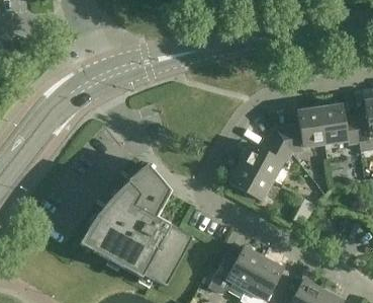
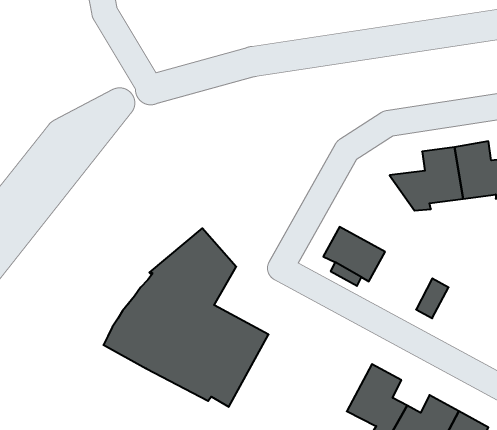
building: [241,127,292,179] -> none
building: [200,245,263,297] -> none

